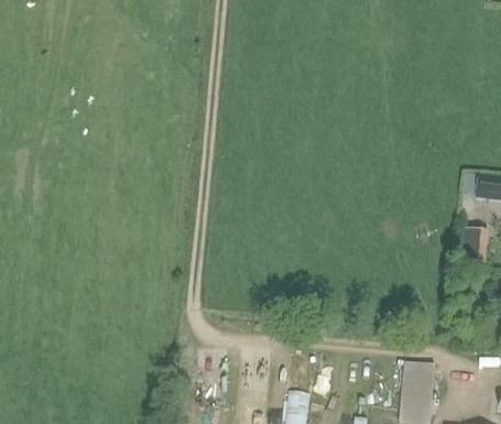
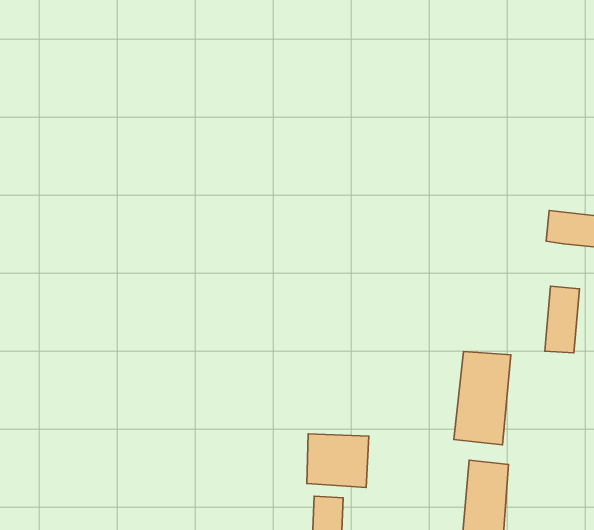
building: none -> [454,351,511,445]
building: none -> [307,434,369,487]

